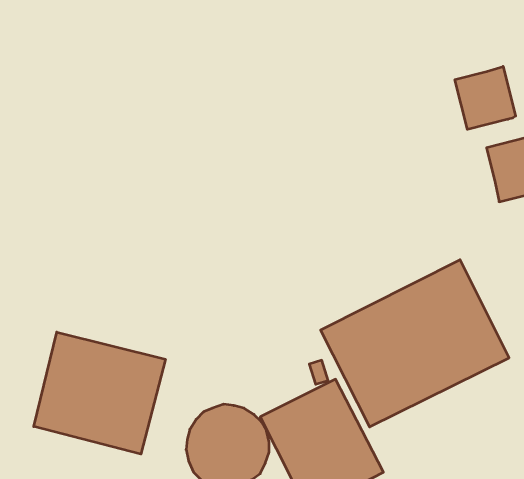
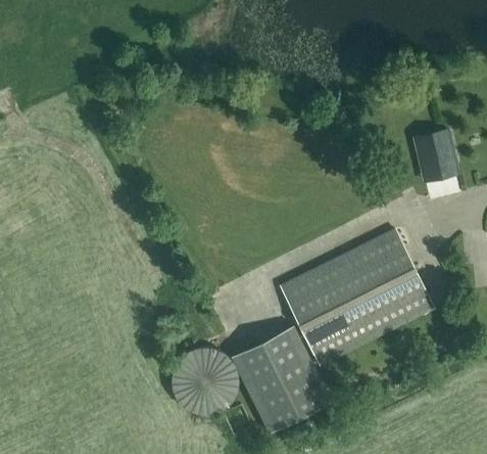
building: [455,66,516,129] -> none
building: [34,332,165,454] -> none

